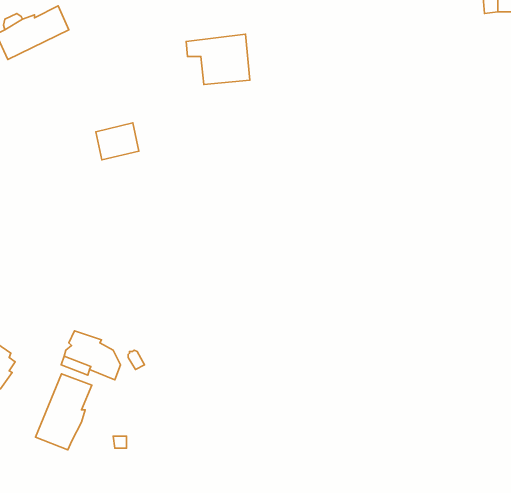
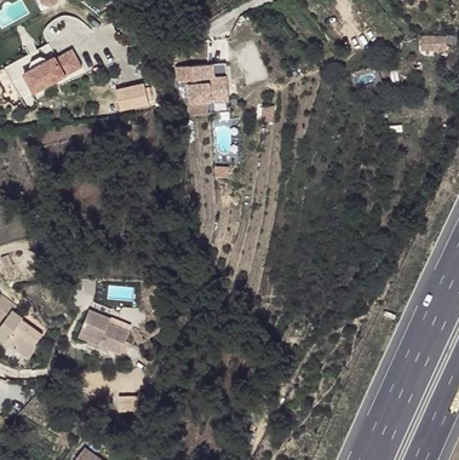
building: [96,123,139,160] -> [115,80,150,110]
building: [36,374,92,450] -> none

